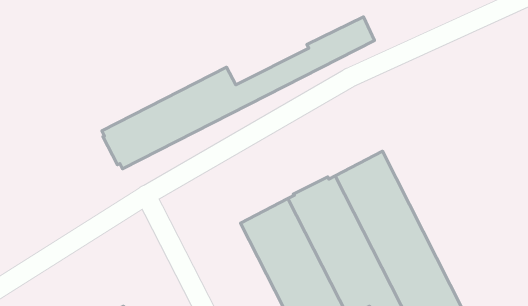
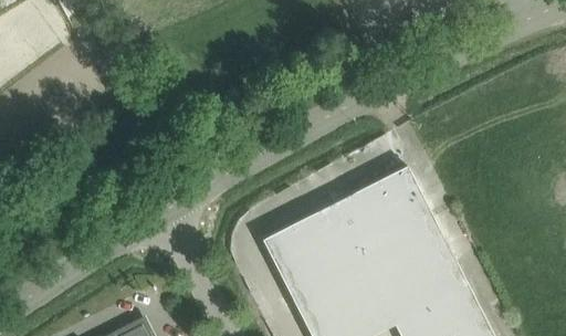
building: [102,17,375,169] -> none

